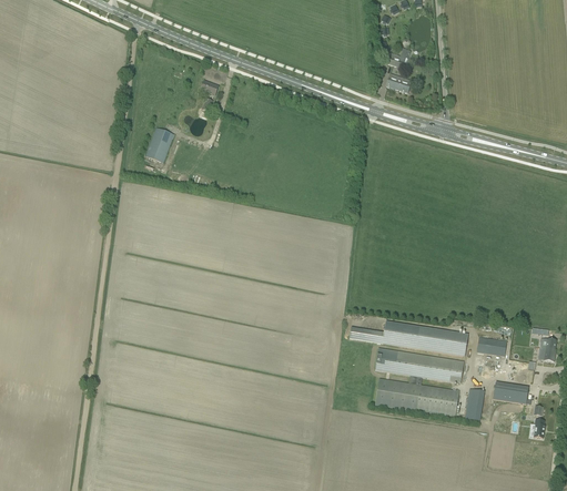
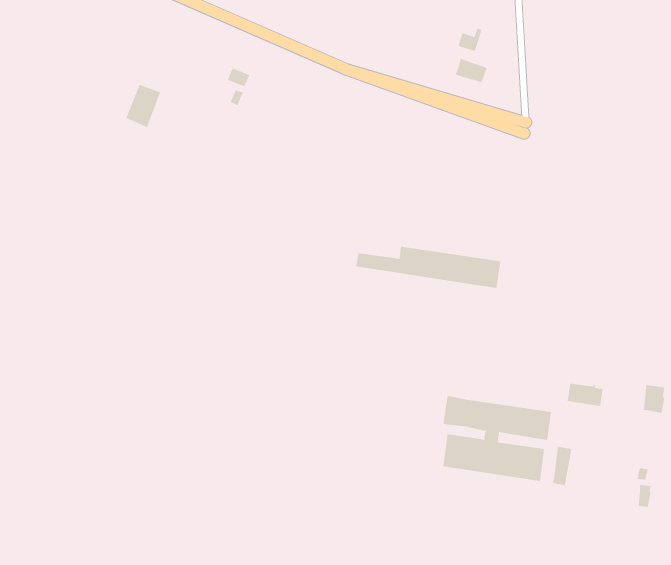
building: [145,126,174,162] -> [126,84,161,128]
building: [348,320,467,355] -> [355,246,501,288]
building: [493,382,528,403] -> none

